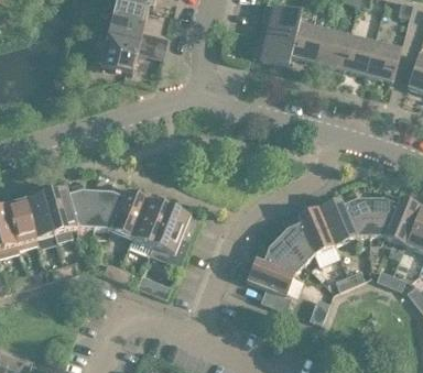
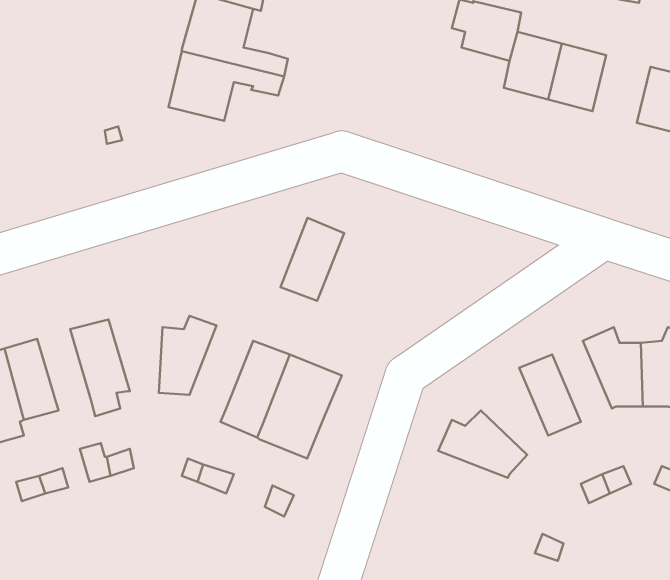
building: [252,32,294,66] -> none
building: [341,36,375,75] -> none
building: [65,183,96,229] -> none
building: [111,190,148,238] -> [281,218,344,301]
building: [24,193,57,242] -> none
building: [318,199,352,245] -> none
building: [278,215,316,264] -> none
building: [247,262,293,311] -> none

